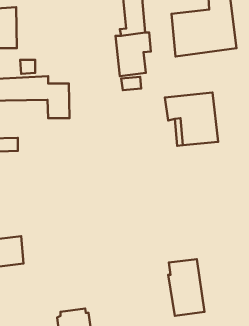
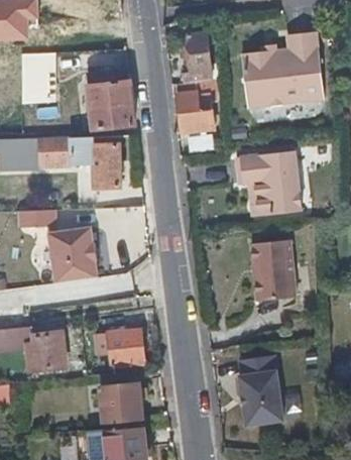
building: none -> [88,68,134,130]
building: none -> [50,226,99,281]
building: none -> [251,243,297,306]
building: none -> [107,328,142,364]
building: none -> [98,378,141,424]

